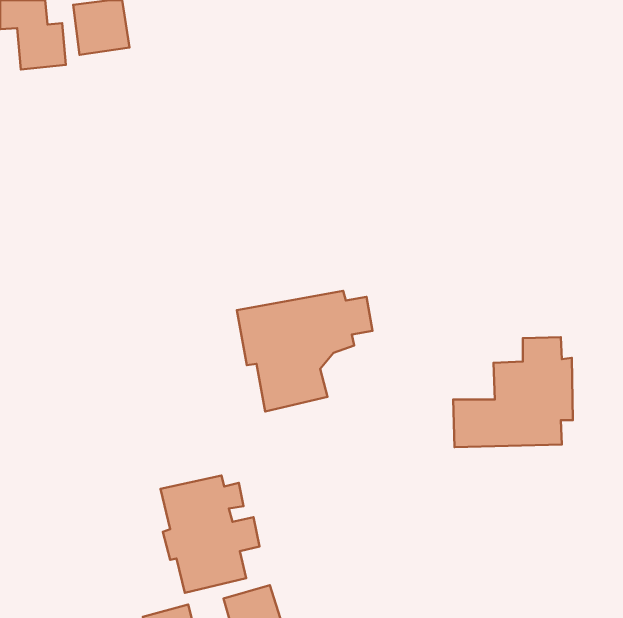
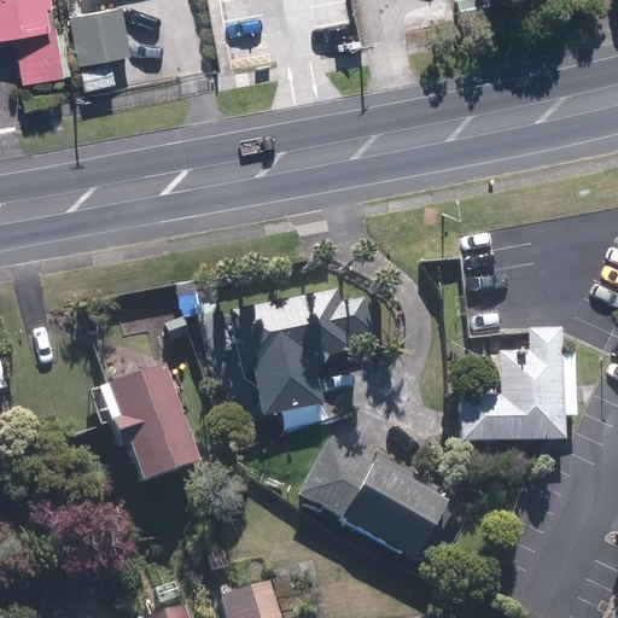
building: none -> [298,441,445,559]
building: [161,476,259,593] -> [113,363,211,479]

